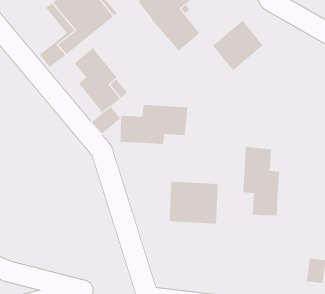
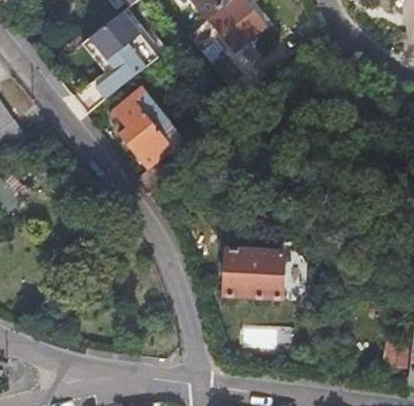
building: [212,20,264,71] -> none
building: [120,104,188,145] -> none
building: [243,146,280,216] -> none

